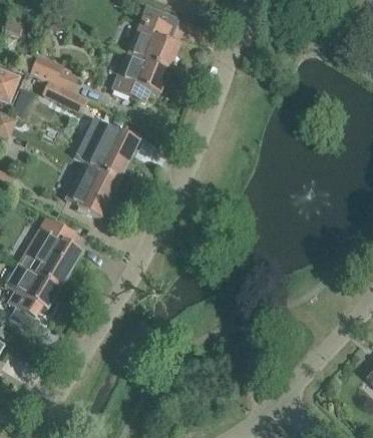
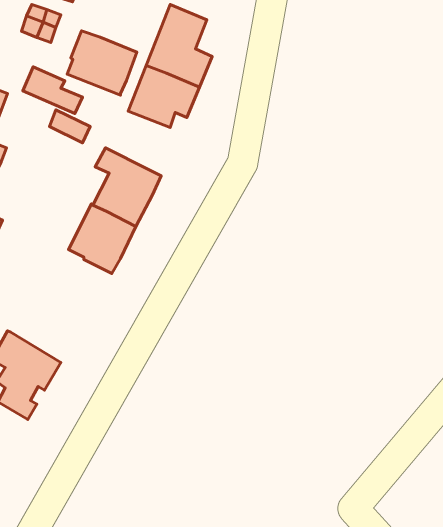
building: none -> [67,31,137,95]
building: [18,218,81,288] -> none

